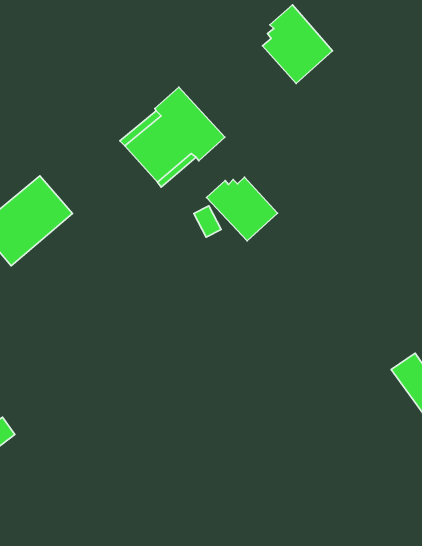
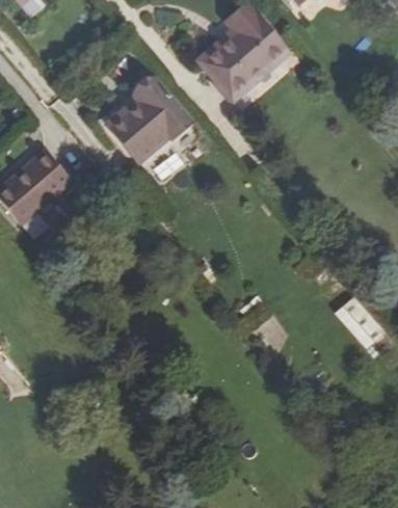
building: none -> [202,43,255,99]
building: [207,177,277,241] -> none

